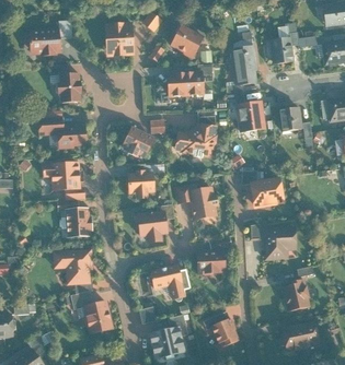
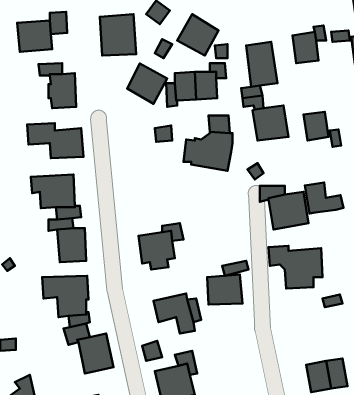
building: [119,127,154,162] -> [127,64,167,104]
building: none -> [305,182,344,214]
building: [126,174,153,202] -> none
building: [173,187,217,223] -> none
building: [281,282,310,314] -> none
building: [202,313,240,351] -> none

